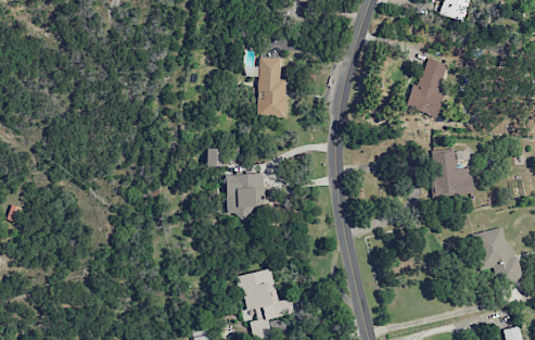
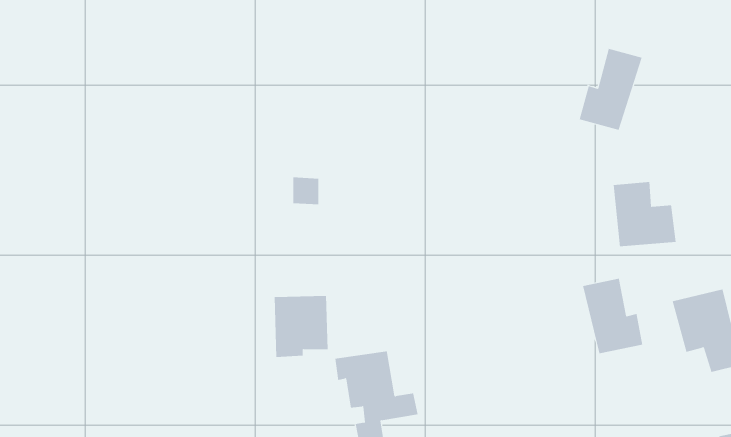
building: [257,58,286,116] -> none
building: [226,173,264,216] -> [274,295,328,357]
building: none -> [582,278,643,354]

